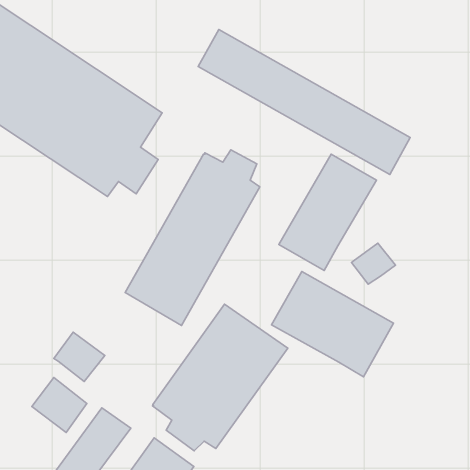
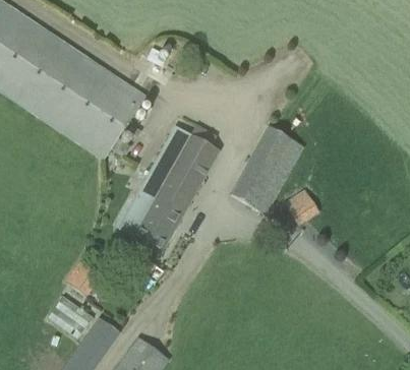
building: [198,29,410,174] -> none
building: [272,271,394,377] -> none
building: [152,304,288,451] -> none

